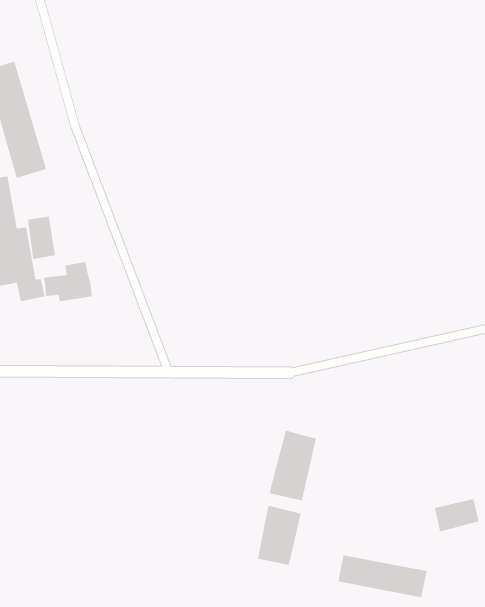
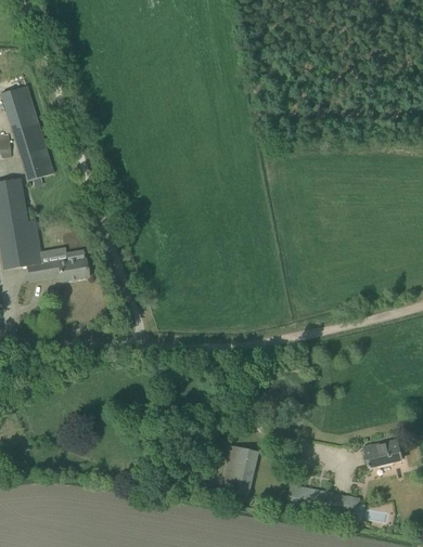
building: [28,216,56,260] -> none
building: [269,430,317,501] -> none

